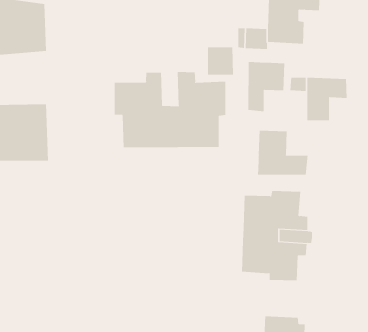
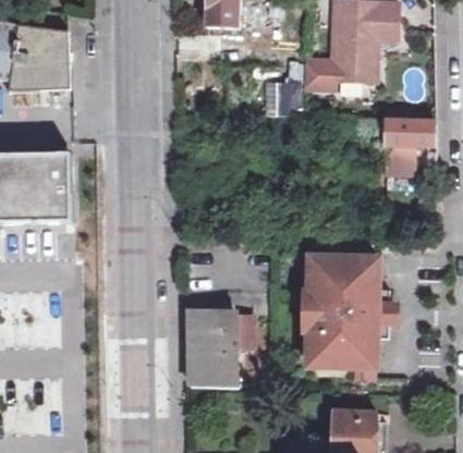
building: [248,61,285,112] -> none
building: [114,71,226,148] -> none
building: [258,130,308,175] -> none
building: none -> [188,311,236,384]

